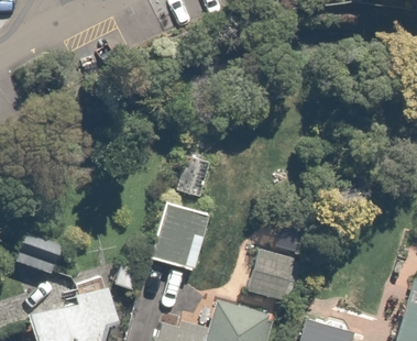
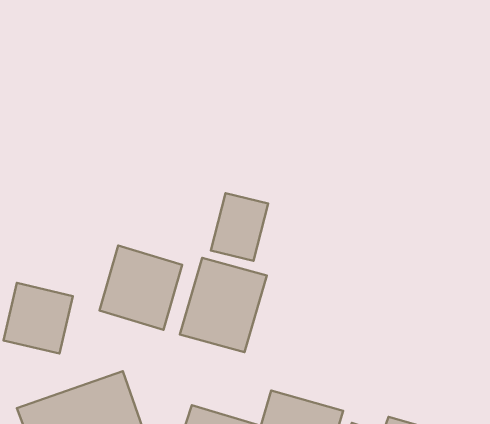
building: none -> [100,245,182,330]
building: [244,240,309,302] -> none

